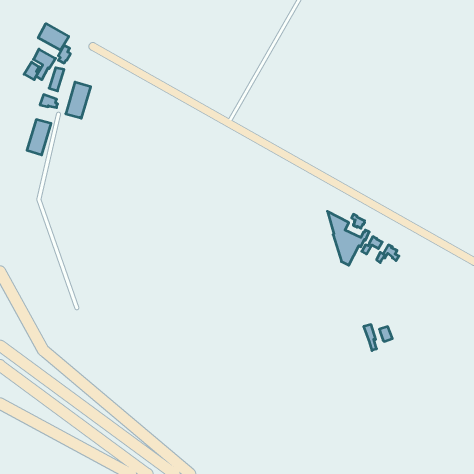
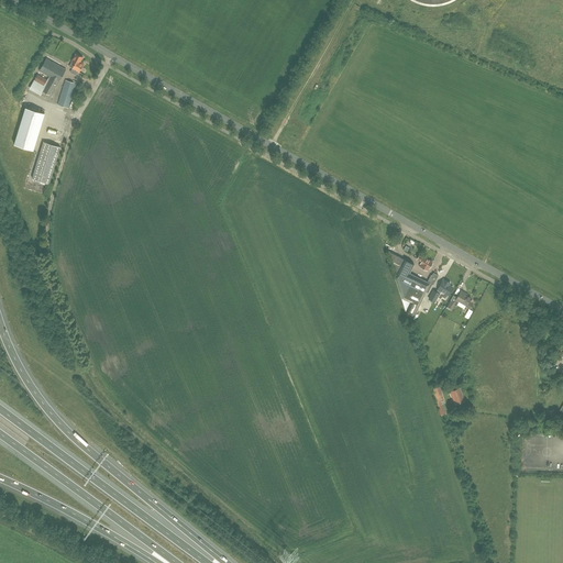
building: [38,24,69,50] -> none
building: [66,82,91,118] -> [14,107,44,150]

